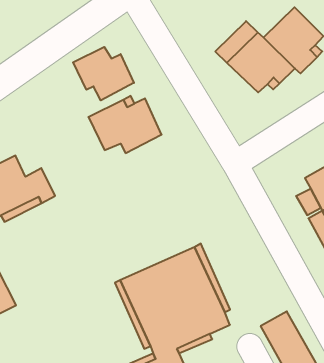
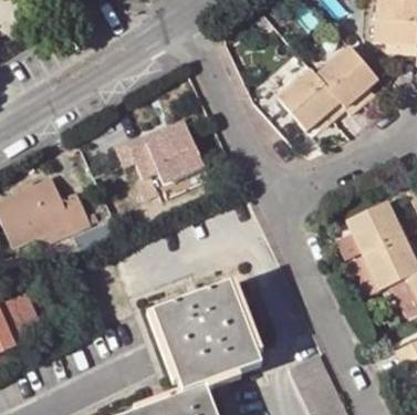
building: [73,47,134,100] -> none

